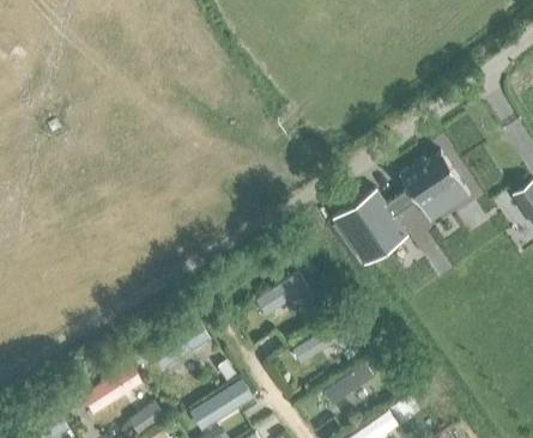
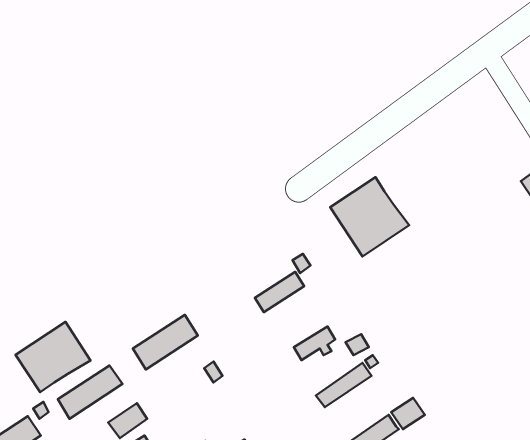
building: [384,152,470,221] -> none
building: none -> [15,322,91,392]
building: [187,383,243,427] -> none

